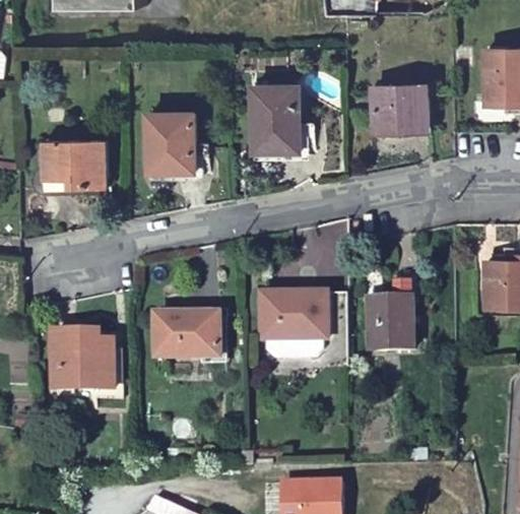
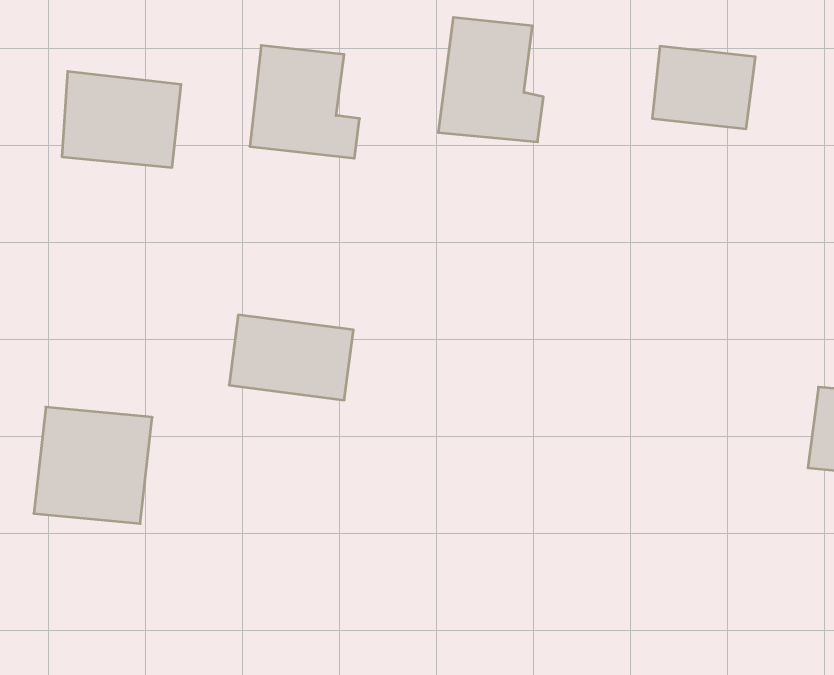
building: [259,288,345,364] -> none
building: [366,297,412,345] -> none
building: [153,313,218,352] -> [229,315,353,400]

